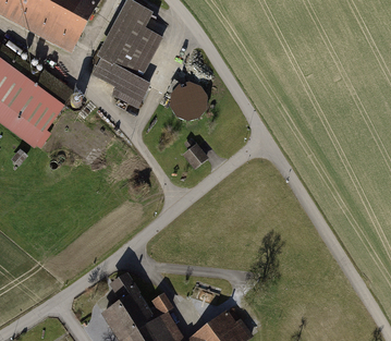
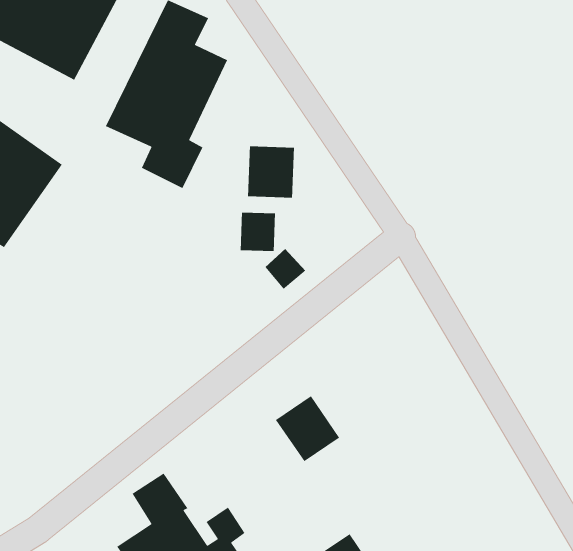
building: none -> [240,212,276,252]
building: none -> [275,395,340,462]

